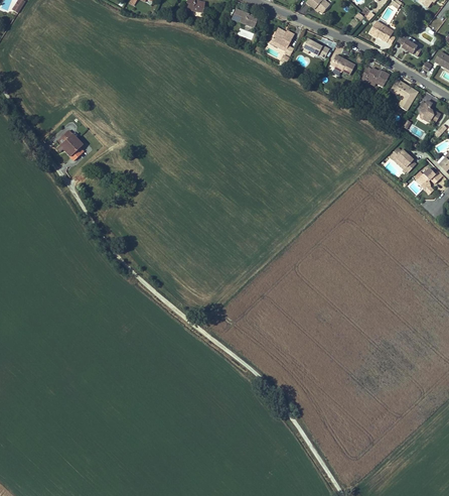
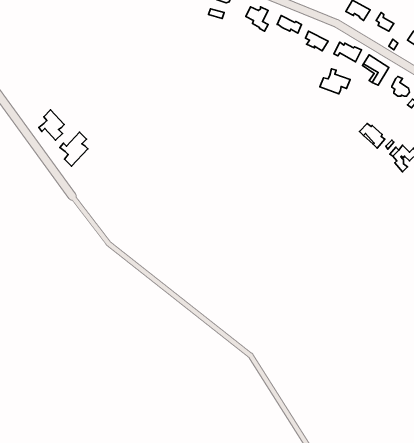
building: none -> [320,69,350,94]
building: none -> [60,132,88,166]

